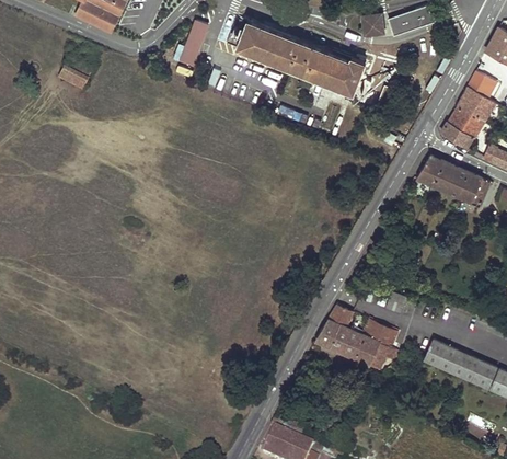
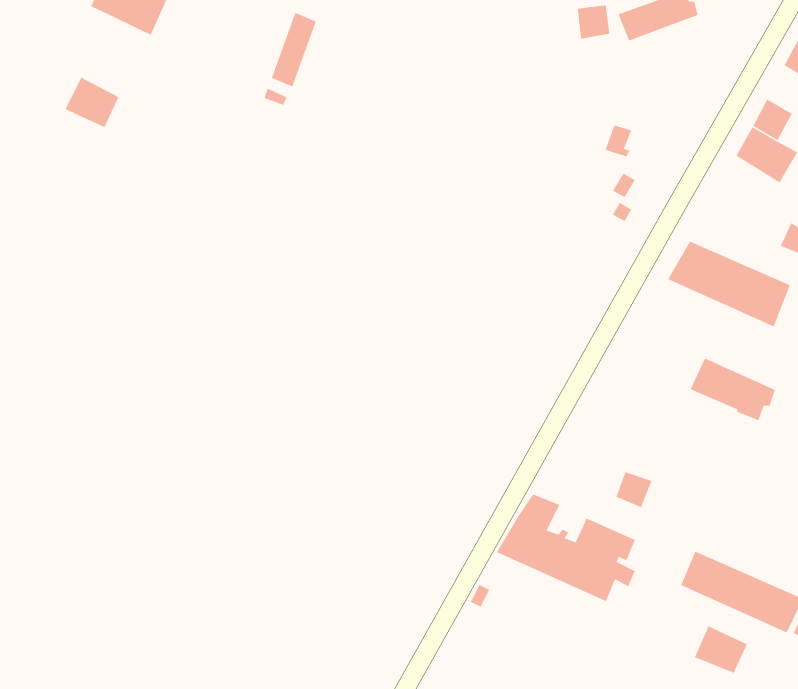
building: [237,20,365,93] -> none
building: [441,104,483,147] -> none
building: none -> [690,358,776,421]
building: none -> [694,625,748,674]

